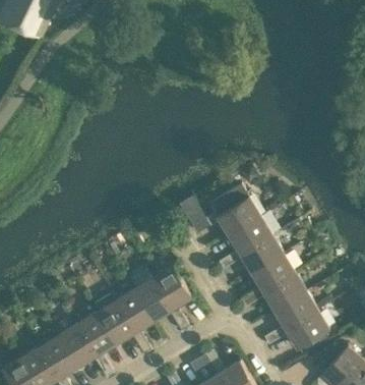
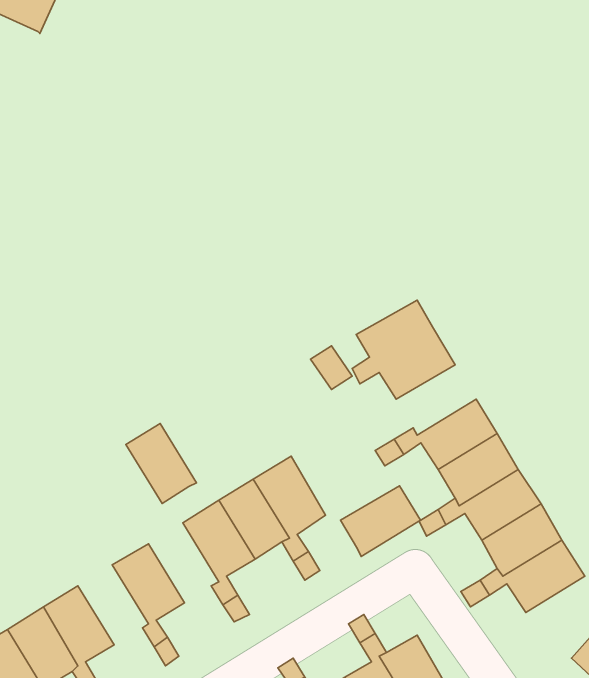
building: [229,217,271,255] -> [340,486,420,556]
building: [97,301,134,344] -> [126,424,196,504]
building: [59,324,97,367] -> none

